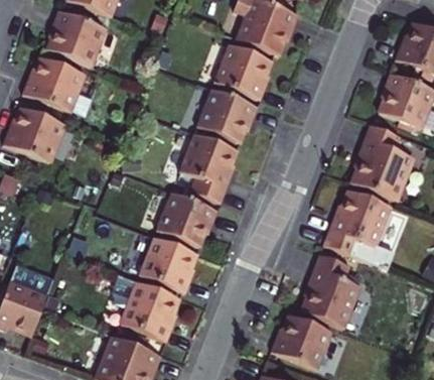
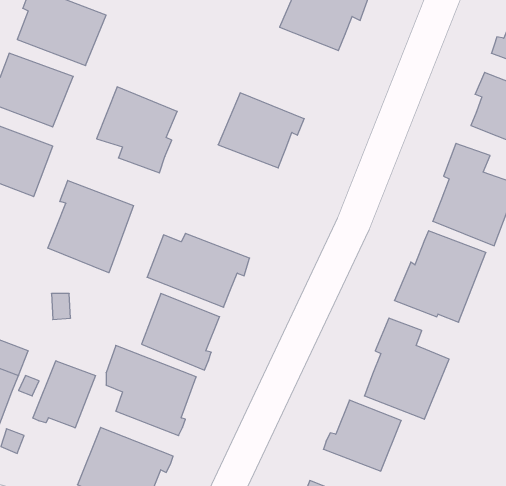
building: [212,42,270,99] -> none
building: [177,132,237,196] -> [97,87,177,173]
building: none -> [48,180,134,273]
building: none -> [33,361,96,428]

